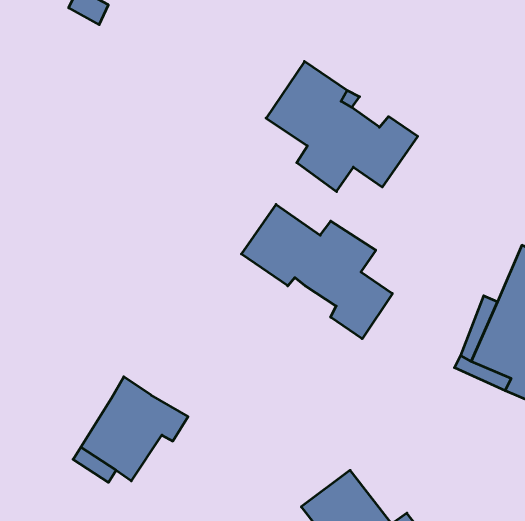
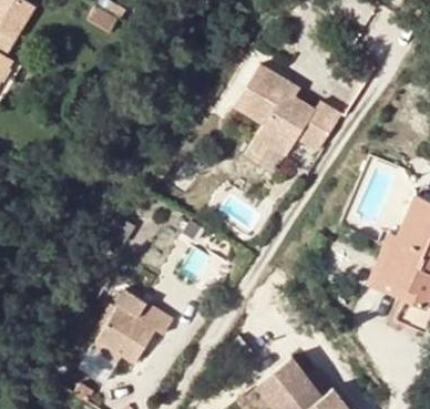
building: [241,204,392,339] -> none

